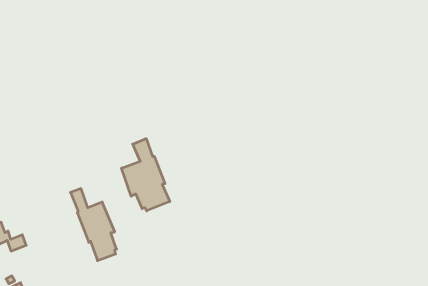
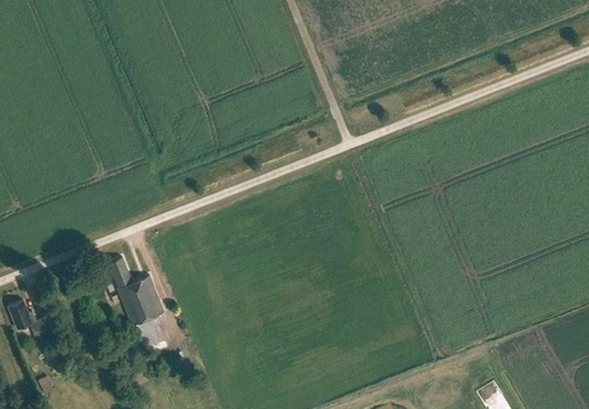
building: [122,139,170,211] -> none

